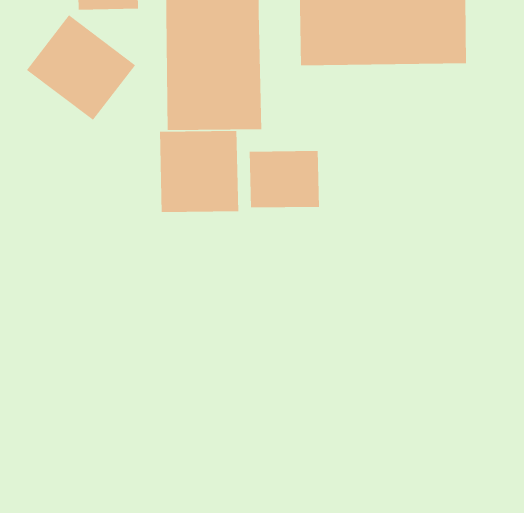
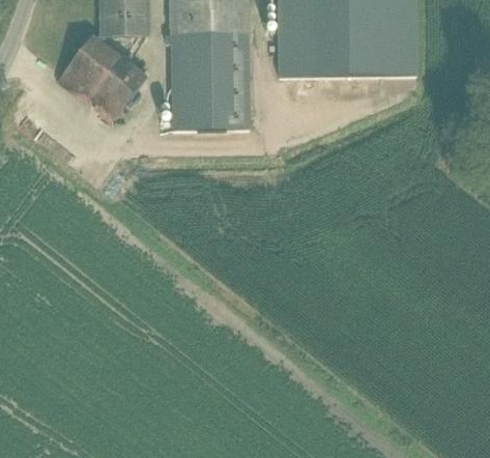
building: [159,130,239,213] -> none
building: [249,150,320,208] -> none

